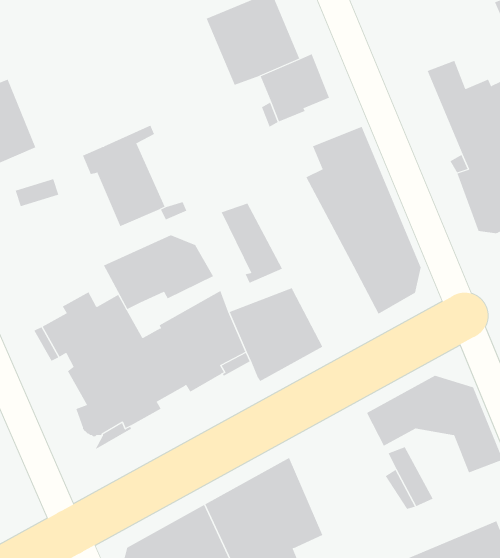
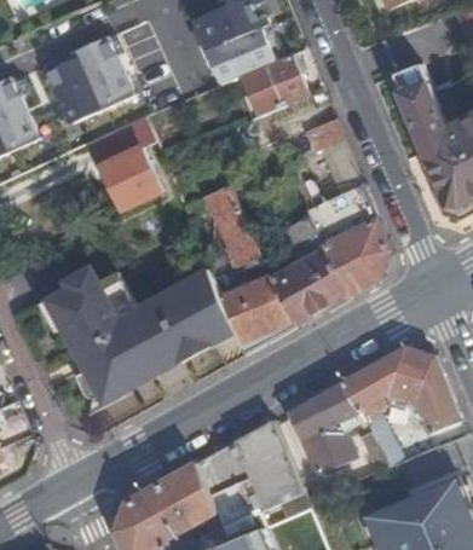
building: none -> [58,40,138,121]
building: [103,235,214,310] -> none
building: none -> [272,248,348,320]
building: none -> [279,380,353,474]

